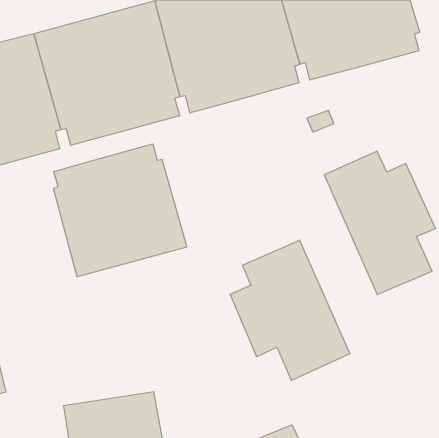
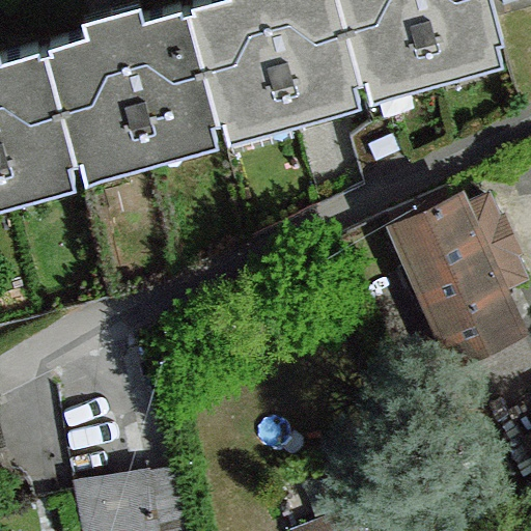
building: [54,144,187,277] -> none
building: [230,240,350,380] -> none

